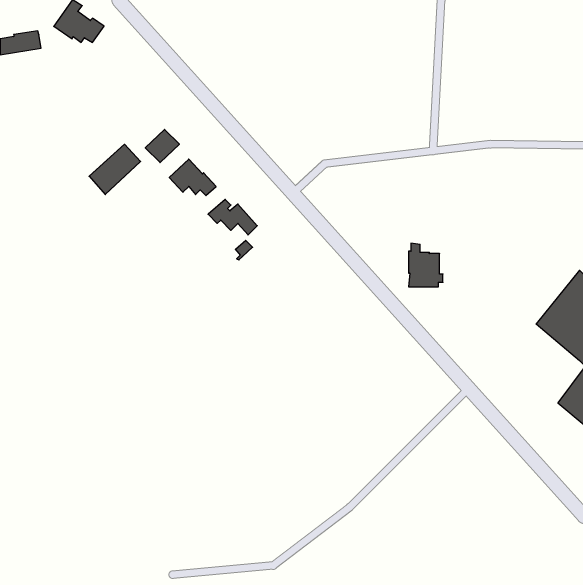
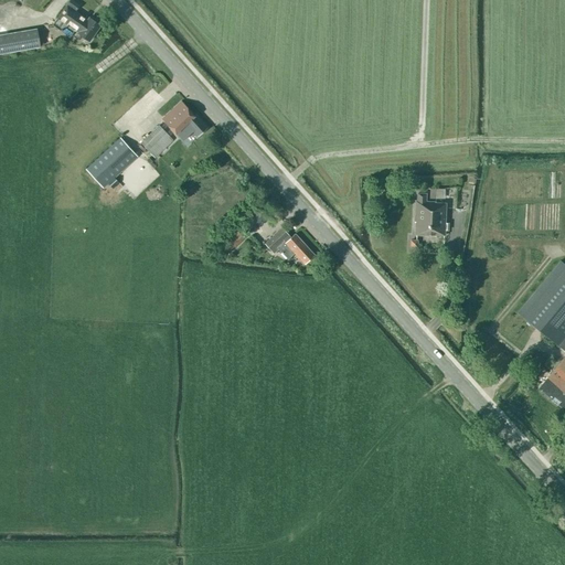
building: [169,159,216,196] -> [163,102,209,137]
building: [208,199,257,235] -> [267,230,315,264]
building: [409,243,443,287] -> [416,193,449,235]

